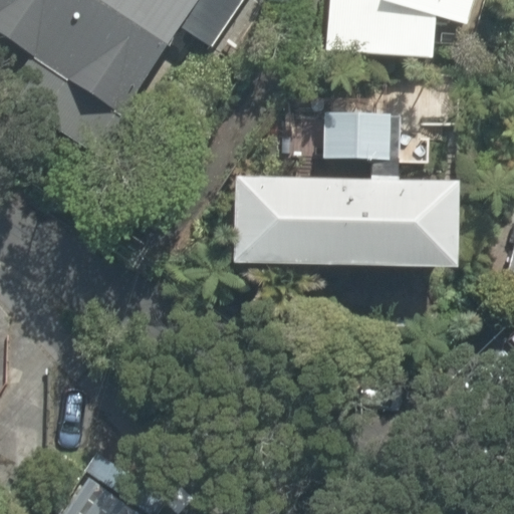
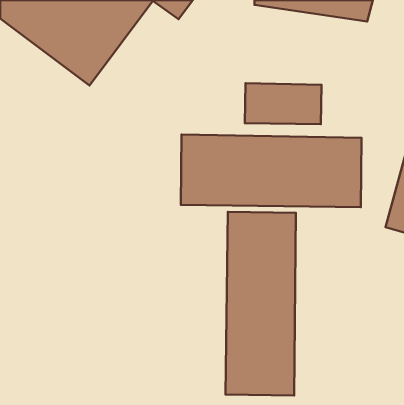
building: none -> [225,212,296,396]

